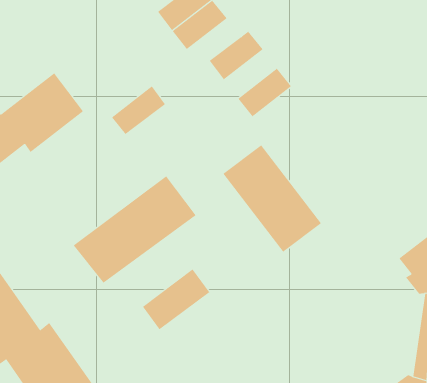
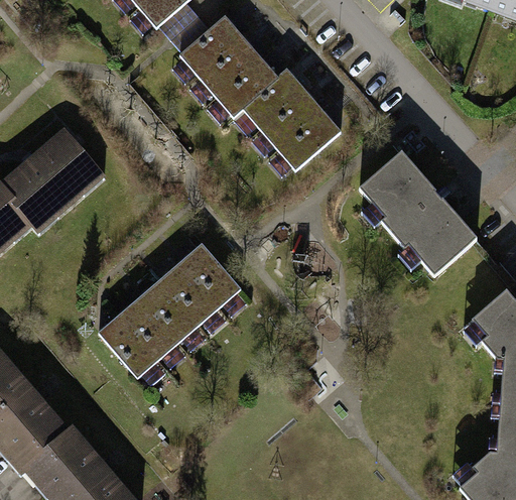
building: none -> [261,93,321,151]
building: [111,86,166,135] -> [217,59,278,118]
building: [222,145,322,252] -> [360,155,477,277]
building: [142,269,210,330] -> none

